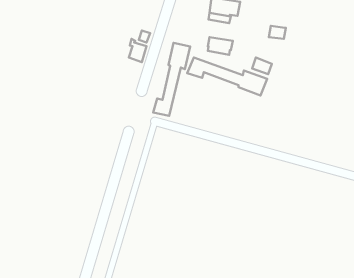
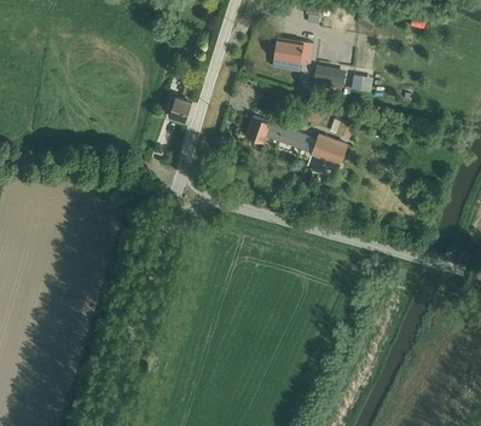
building: [208,37,233,55] -> [313,65,346,88]
building: [153,43,190,116] -> none

